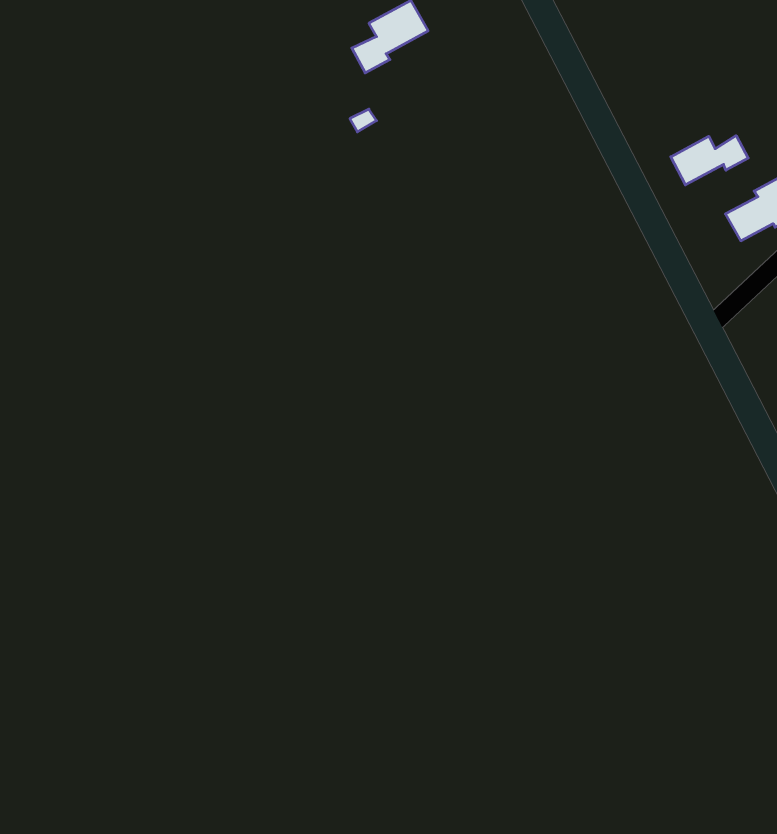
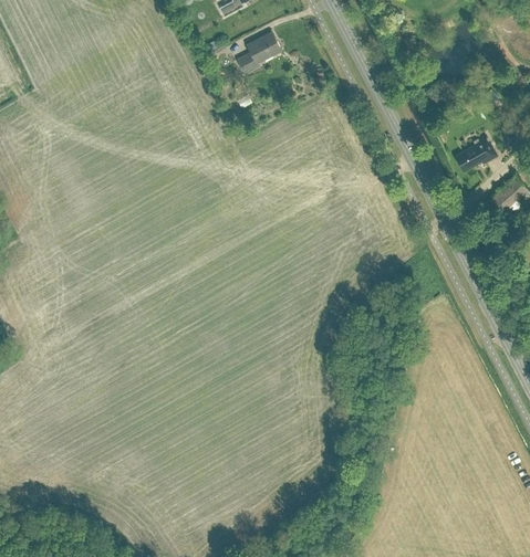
building: [671,136,748,185] -> none

